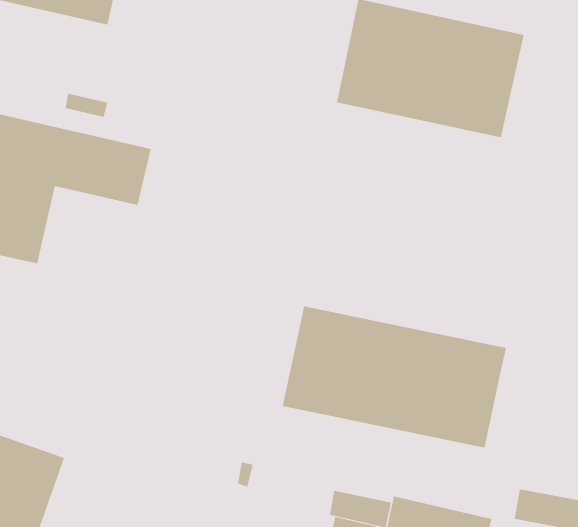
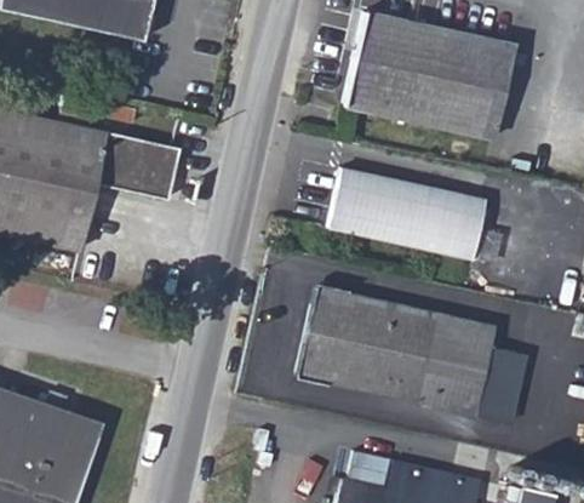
building: none -> [328,166,485,261]
building: none -> [477,347,526,423]

